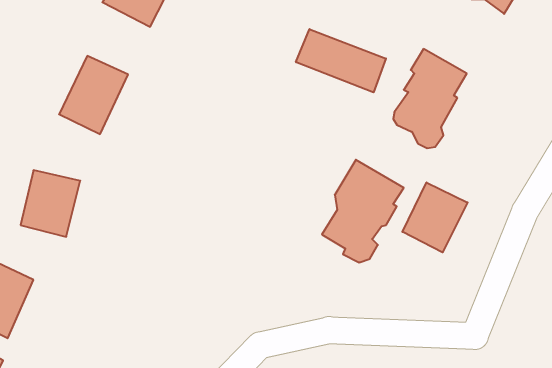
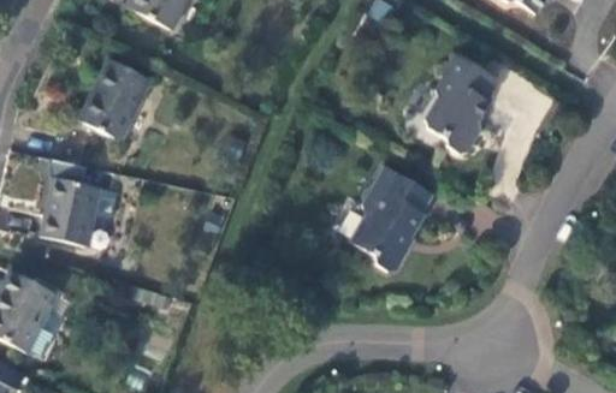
building: [296,29,386,92] -> none
building: [402,182,468,252] -> none

